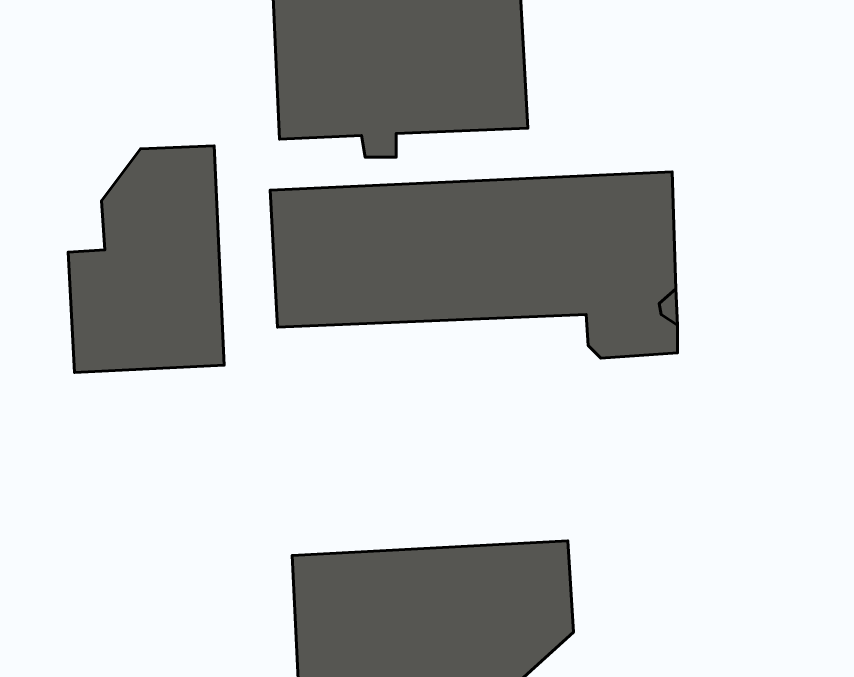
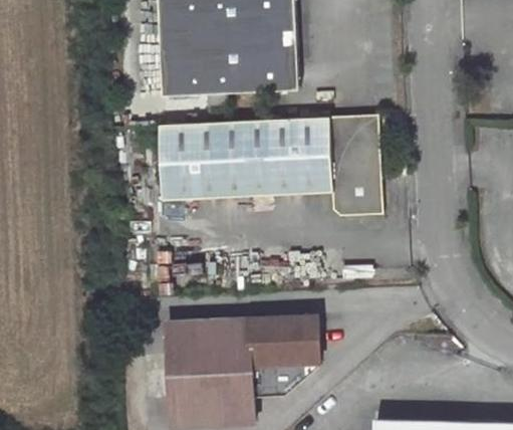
building: [68,146,224,372] -> none

